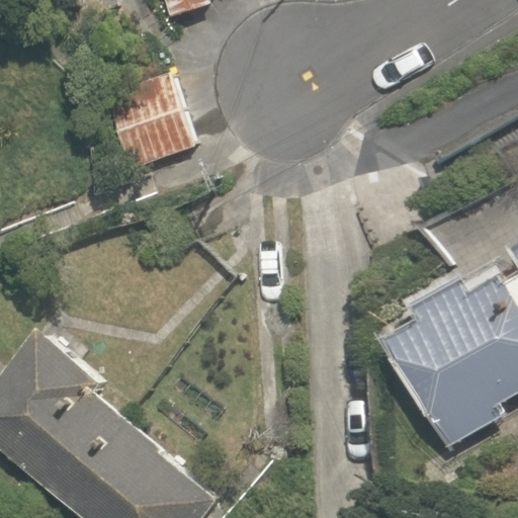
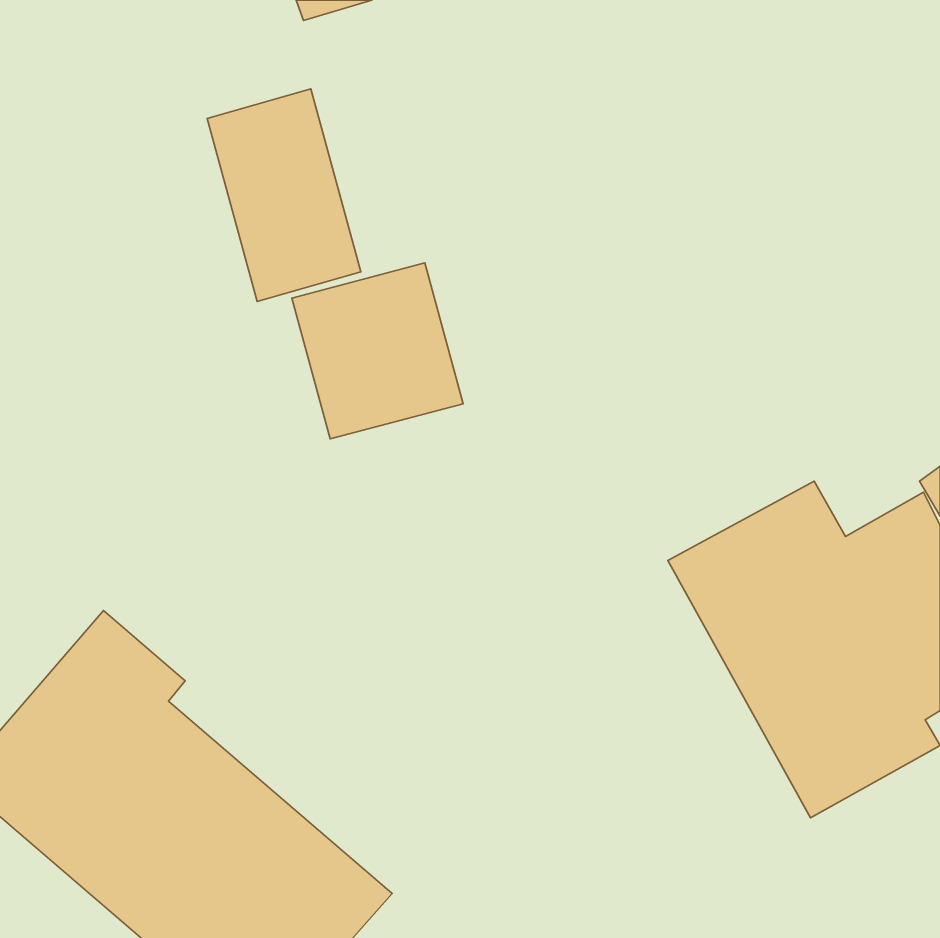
building: none -> [292,263,463,439]

